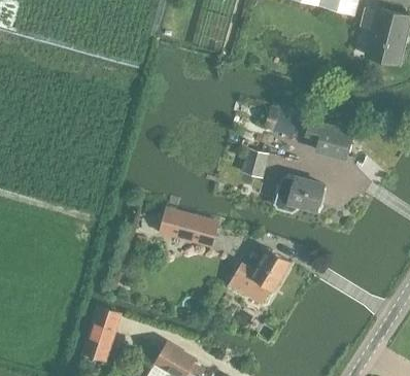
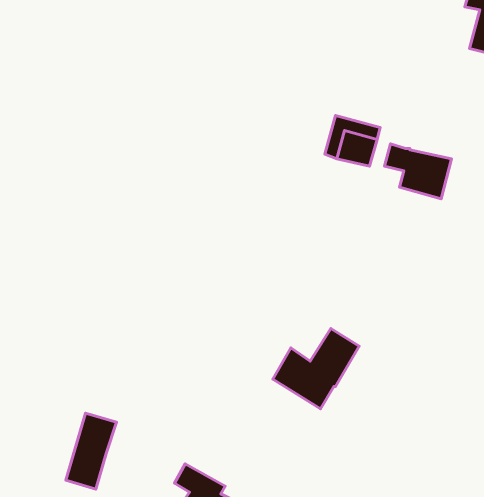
building: [241,148,268,177] -> none
building: [274,174,322,209] -> none
building: [159,209,216,245] -> none

